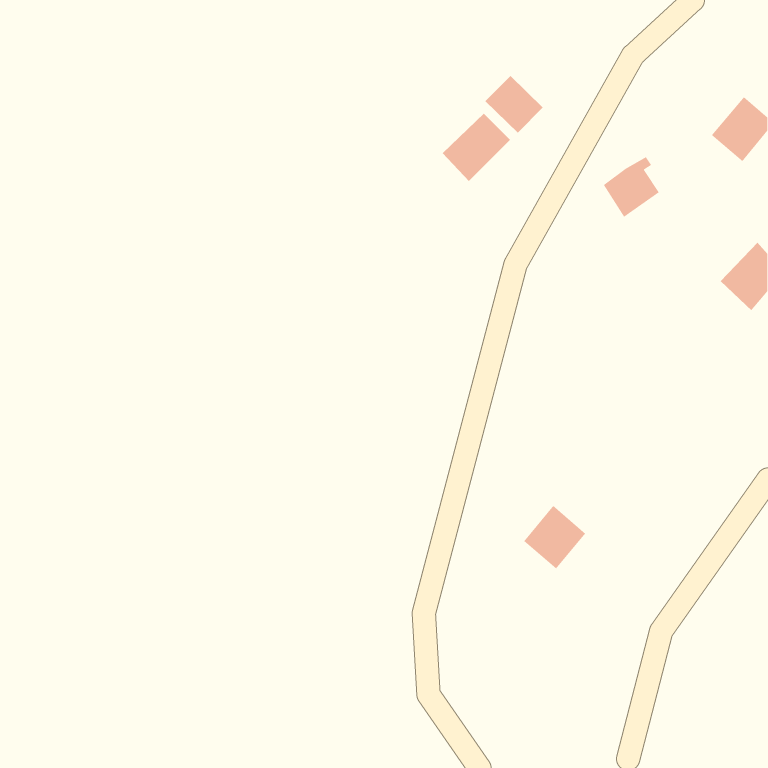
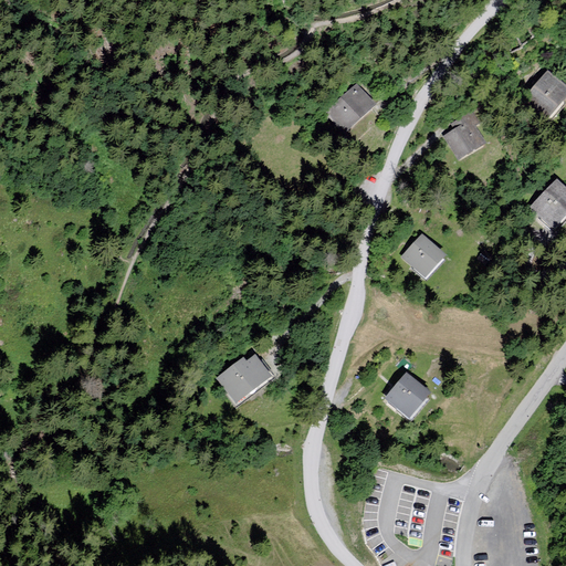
building: [485,75,544,133] -> none
building: none -> [401,233,446,277]
building: none -> [216,354,272,402]

